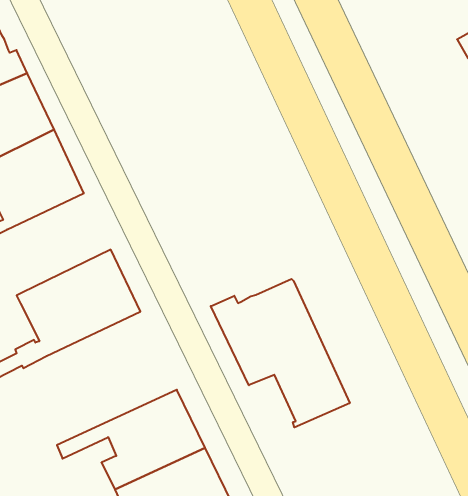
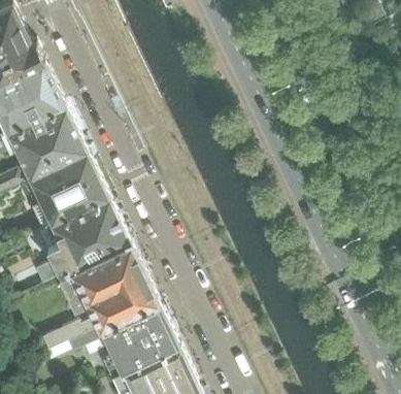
building: none -> [27,149,106,225]
building: [211,279,350,427] -> none
building: none -> [41,239,157,349]

